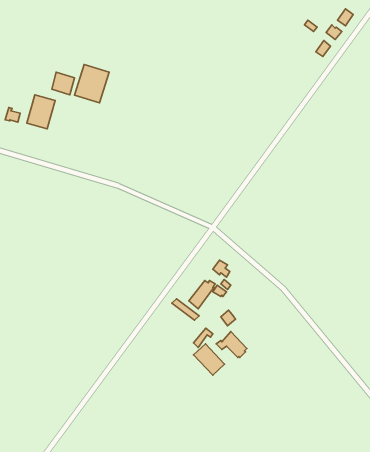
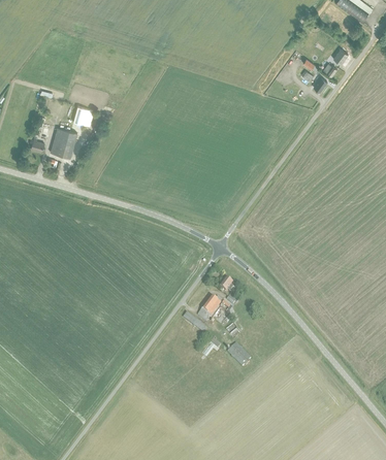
building: [75,64,109,103] -> none
building: [194,344,225,375] -> none

